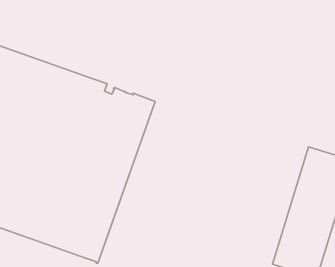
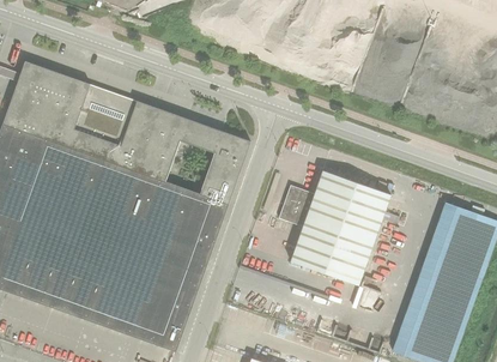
building: none -> [275,169,387,284]

